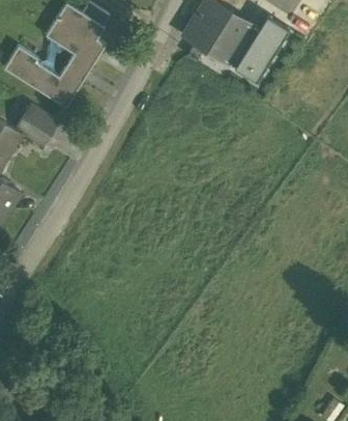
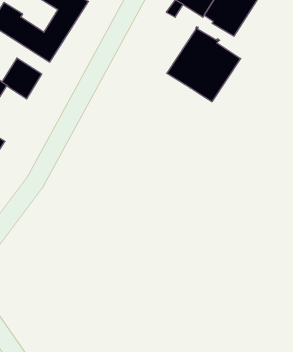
building: none -> [167,27,241,102]

